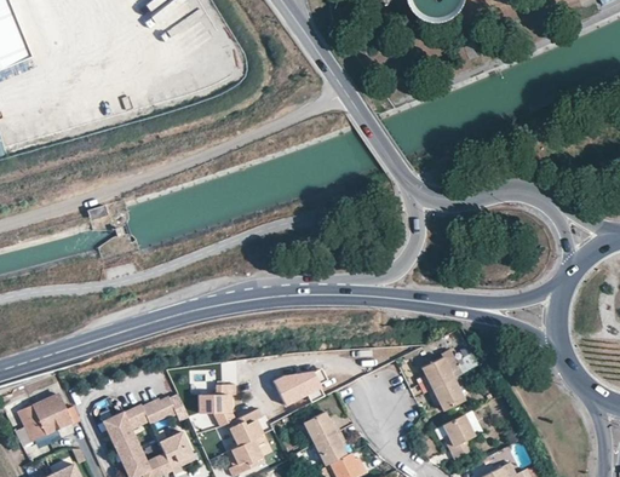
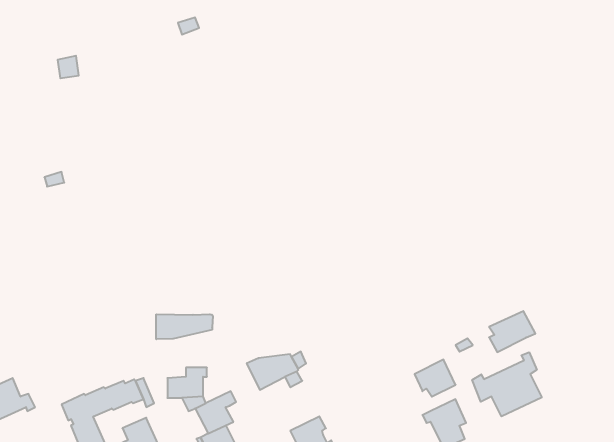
building: none -> [156,314,213,339]
building: [420,354,463,391] -> [489,311,535,352]
building: none -> [472,352,542,416]
building: [303,410,340,443] -> none

